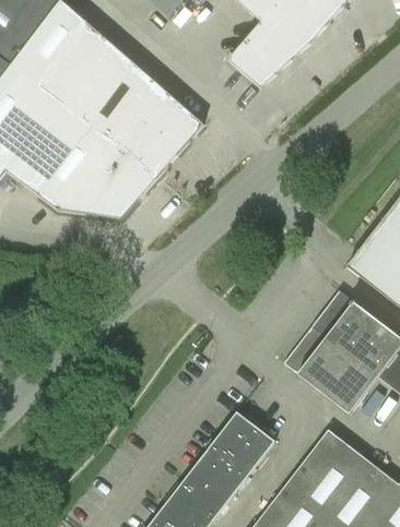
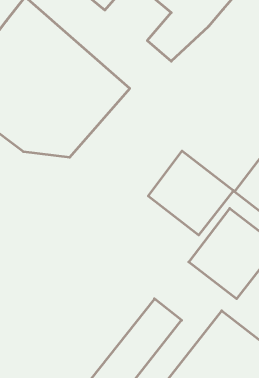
building: none -> [148,151,233,235]

